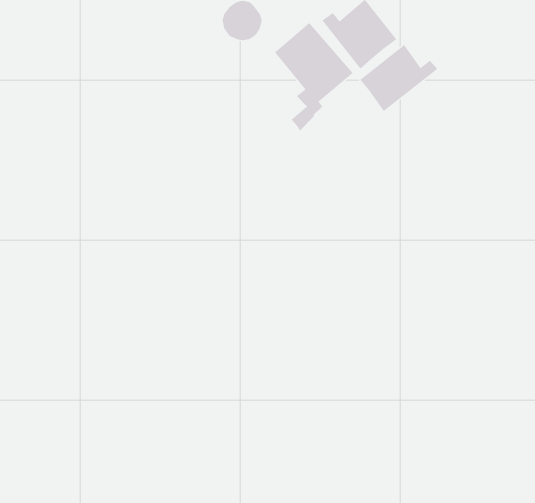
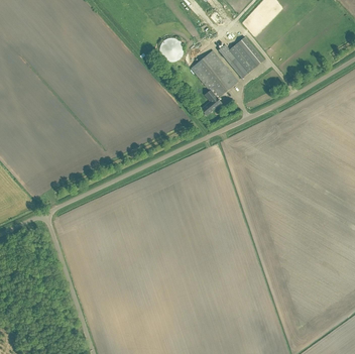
building: [359,44,438,112] -> none

